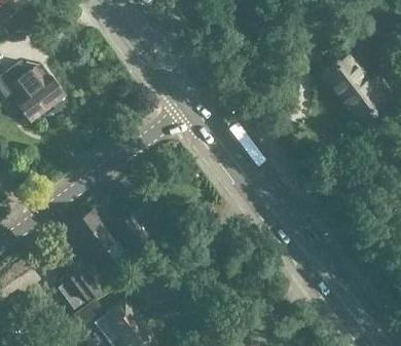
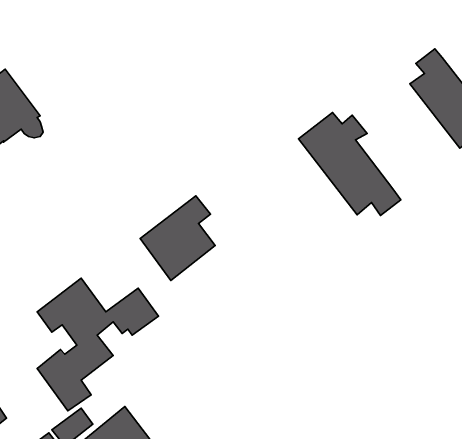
building: none -> [298,112,401,215]
building: none -> [140,196,215,280]

